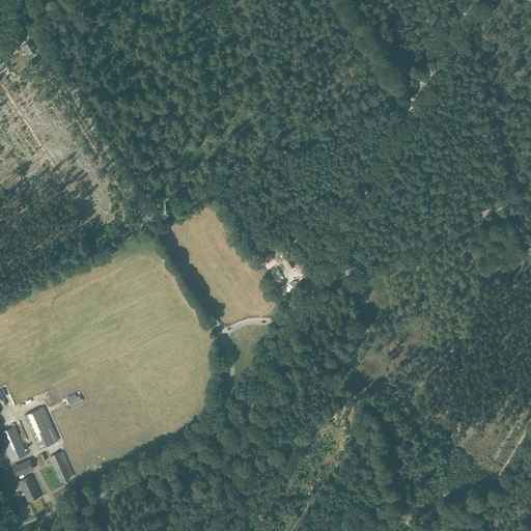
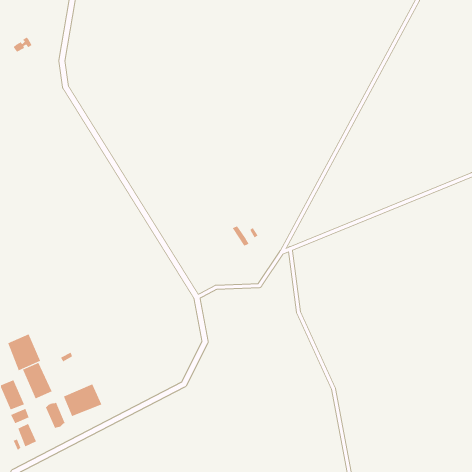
building: none -> [7,334,41,371]
building: none -> [63,383,102,417]

